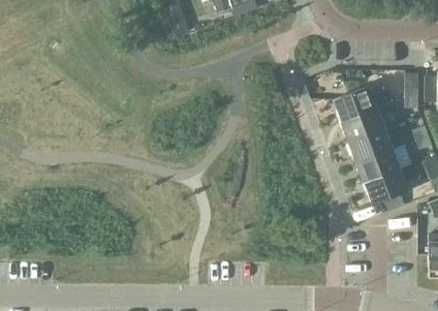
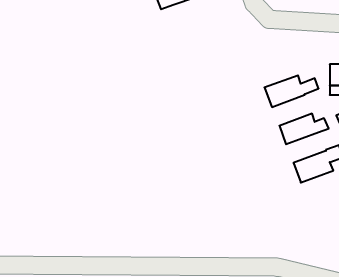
building: [340,107,384,142] -> none
building: [355,149,400,183] -> none

